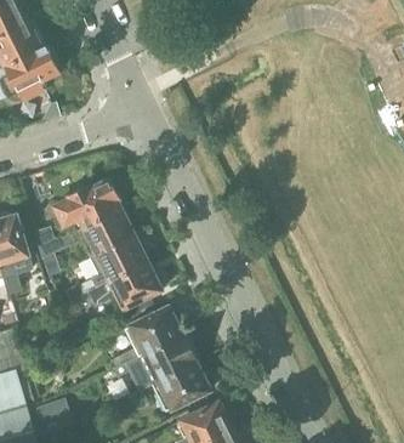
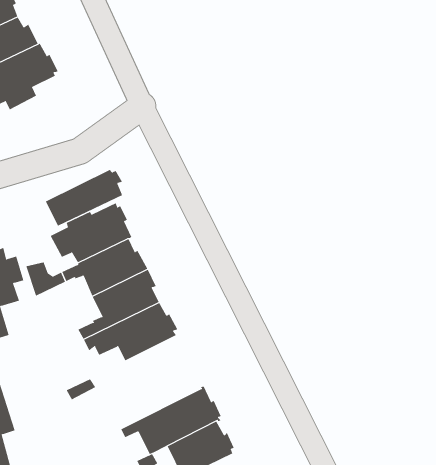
building: none -> [45,169,124,227]
building: [108,307,181,369] -> none

